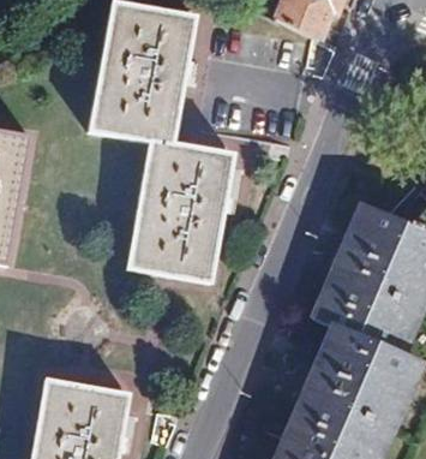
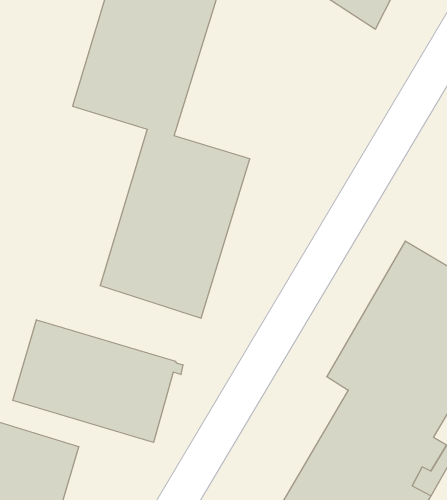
building: none -> [13,320,183,442]

